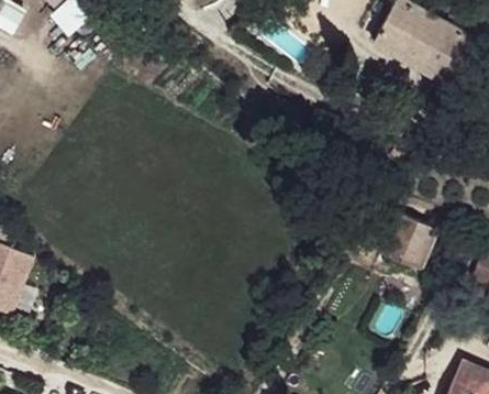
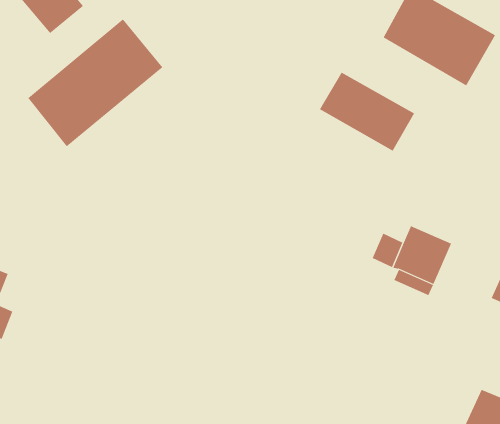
building: none -> [28,19,163,147]
building: none -> [319,72,415,151]

